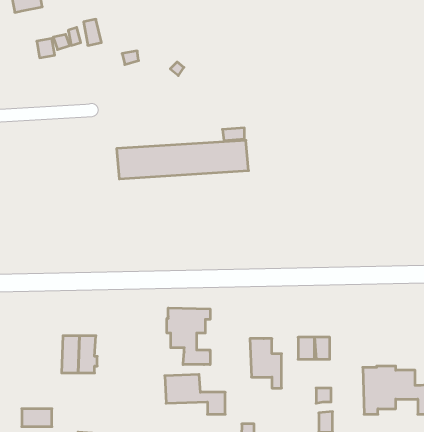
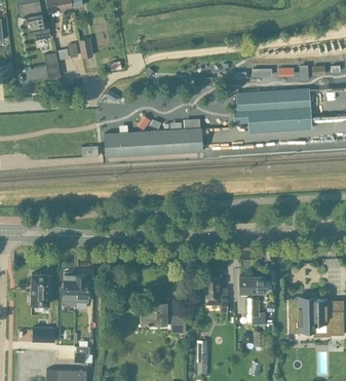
building: none -> [233,89,311,130]
building: [167,308,210,365] -> none
building: none -> [31,274,49,305]

